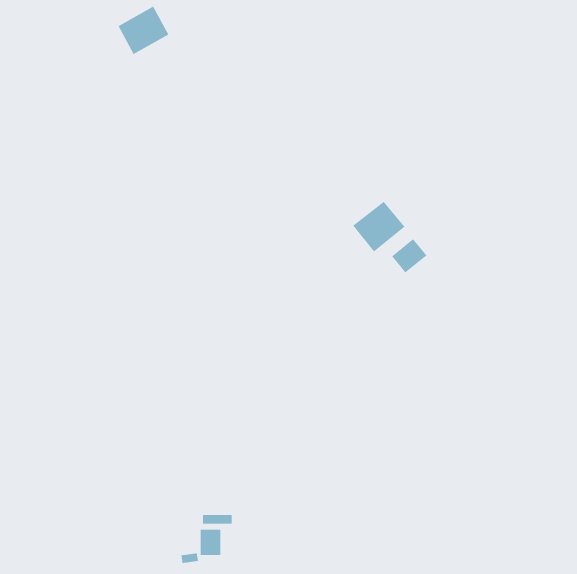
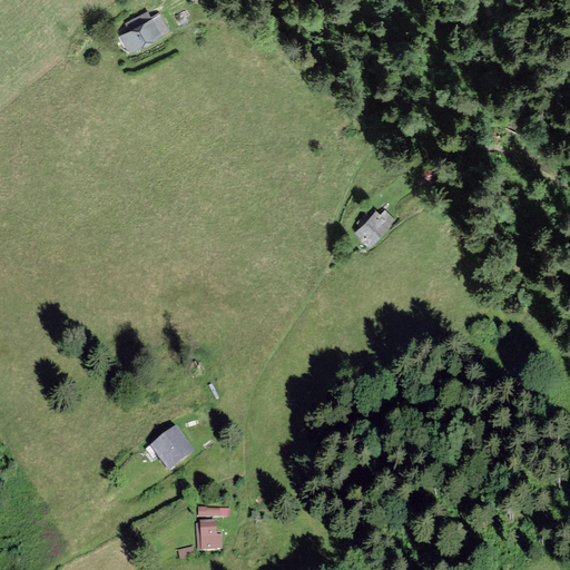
building: [391,238,427,273] -> none
building: none -> [146,423,198,473]

